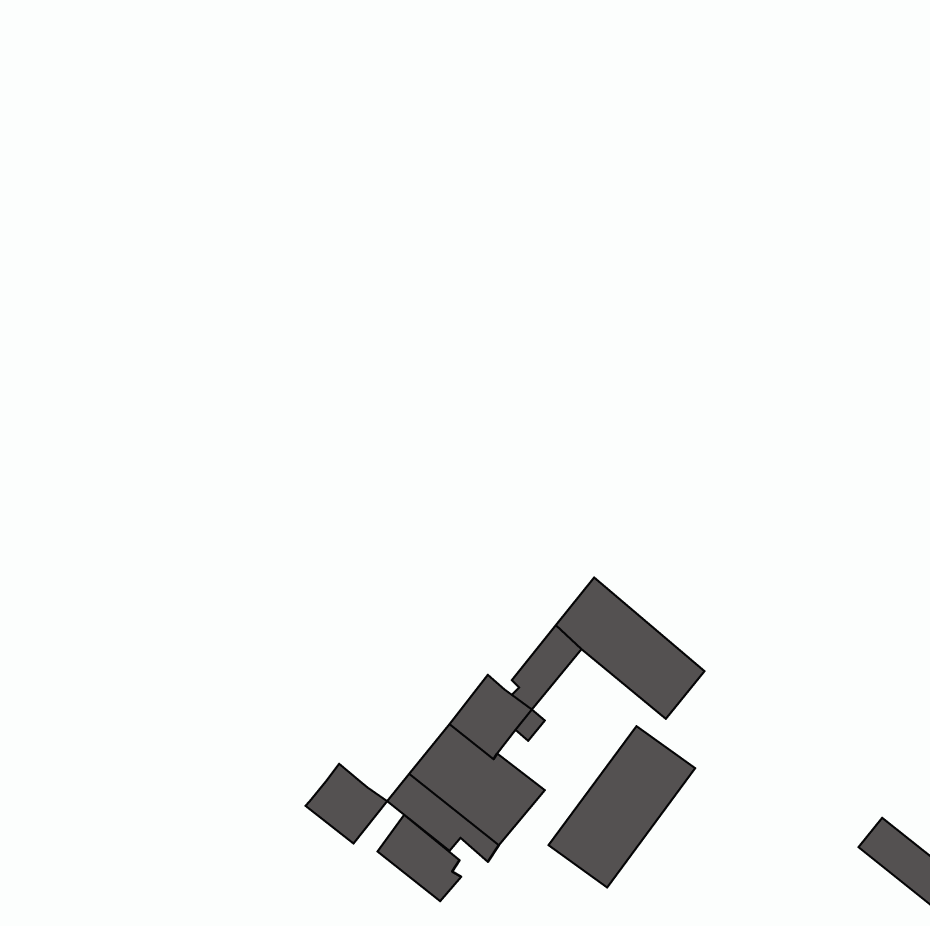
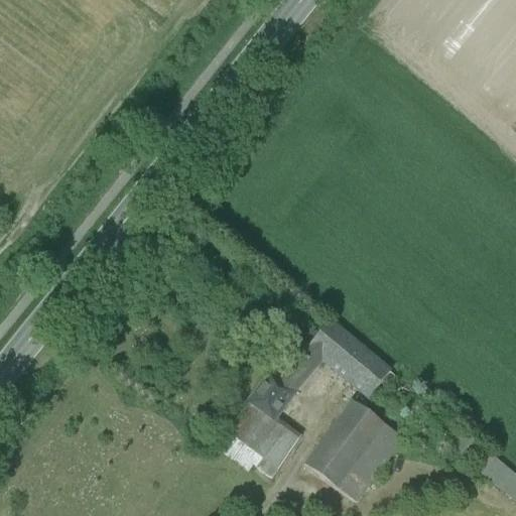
building: [306,764,387,843] -> none
building: none -> [338,422,402,500]
building: [378,815,461,901] -> none

